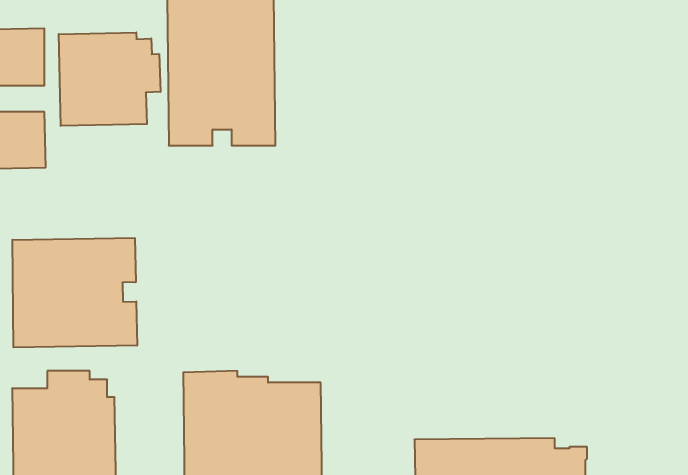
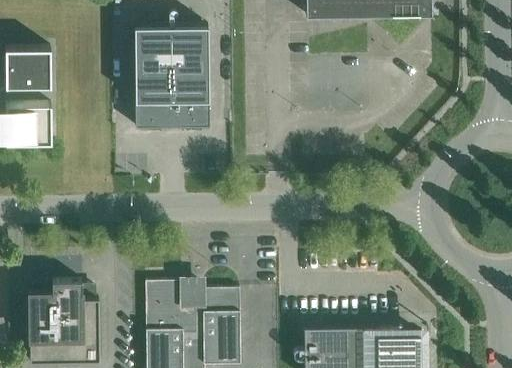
building: [59,32,160,126] -> none
building: [12,238,137,347] -> none

